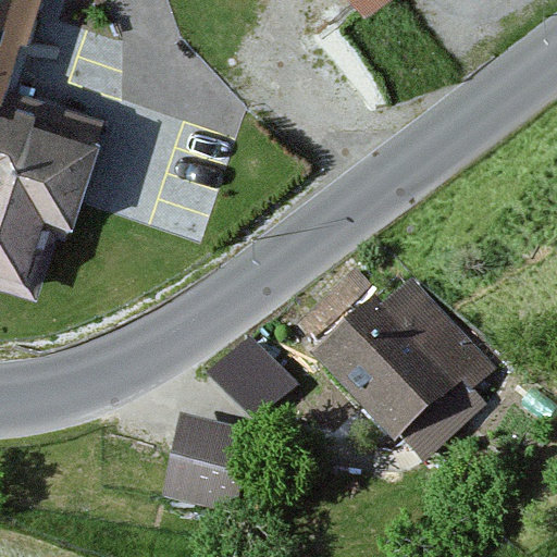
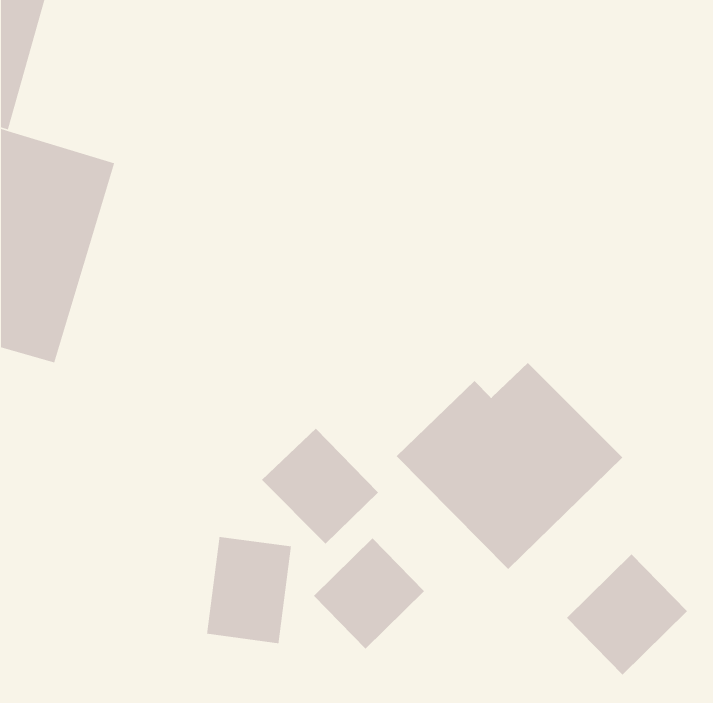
building: none -> [313,538,425,649]
building: none -> [566,554,688,676]

